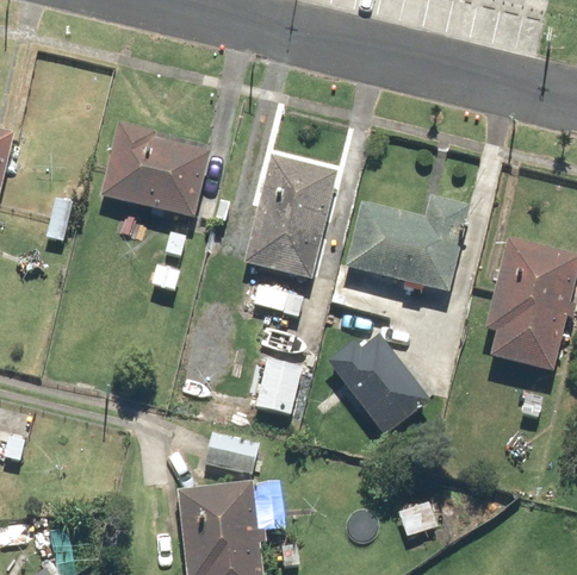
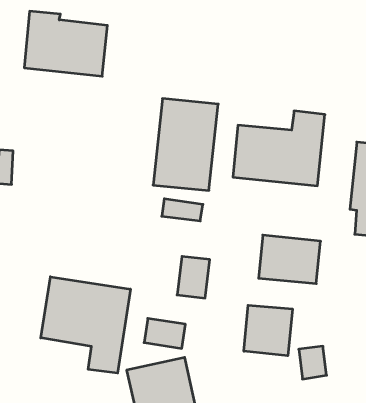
building: [97,123,207,215] -> [24,11,107,76]
building: none -> [41,277,130,373]
building: none -> [244,305,292,356]

